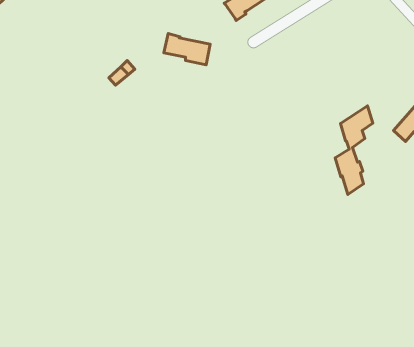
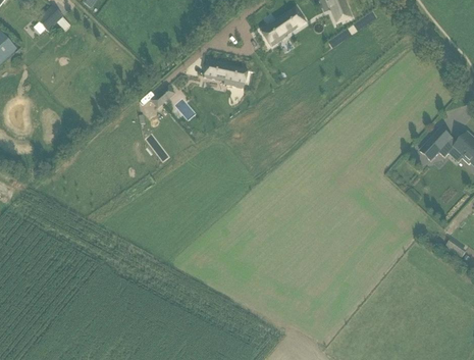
building: [335,106,373,195] -> none

